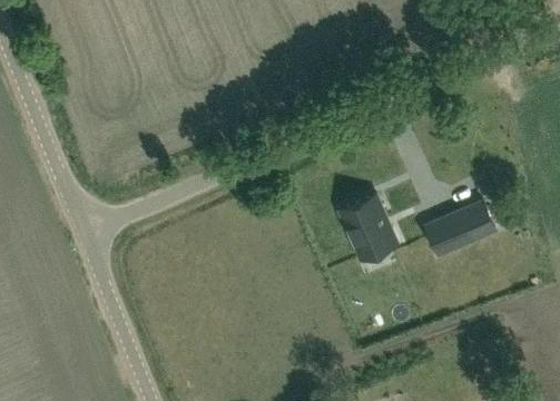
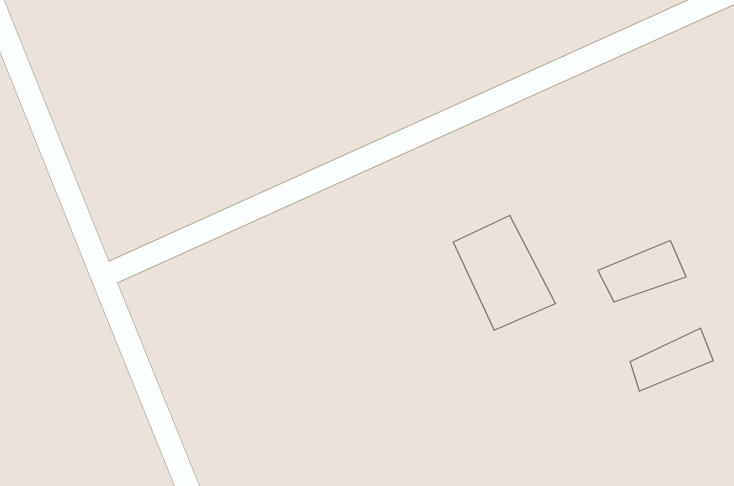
building: none -> [630,328,713,391]

